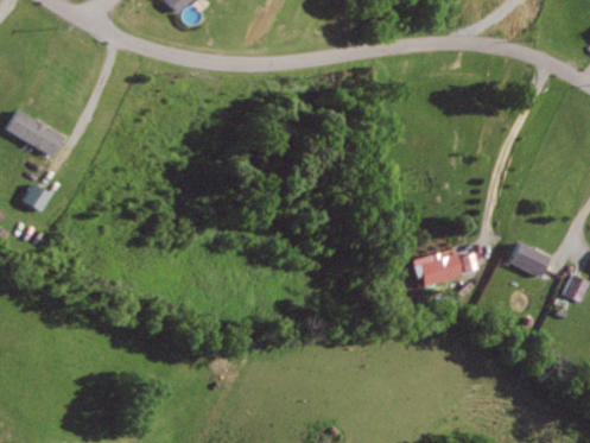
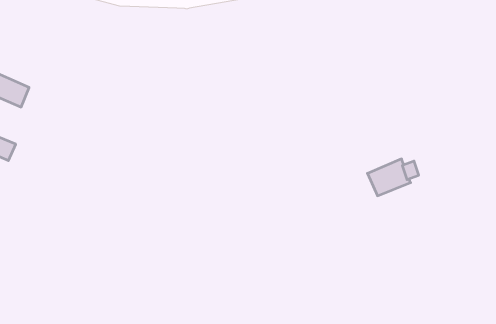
building: [509,241,552,278] -> none

